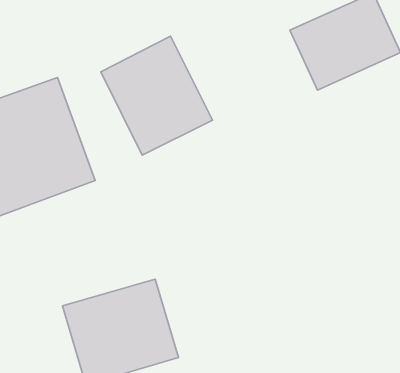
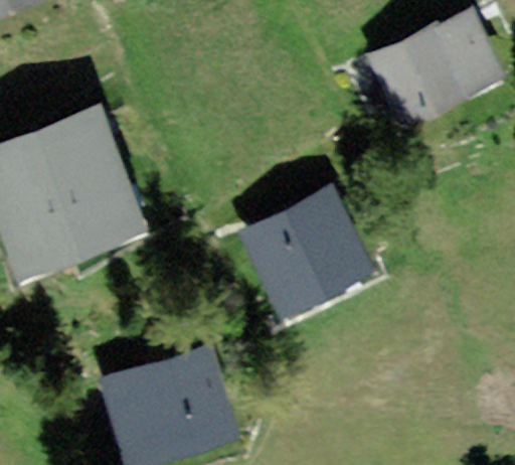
building: [101,36,213,155] -> none
building: none -> [241,190,369,315]

